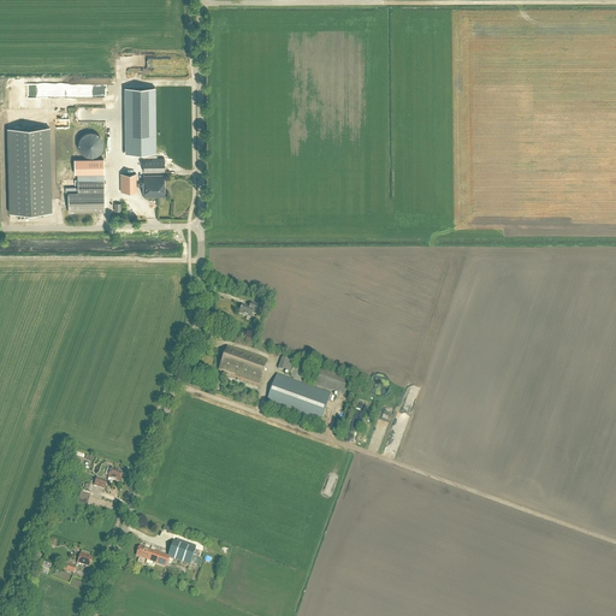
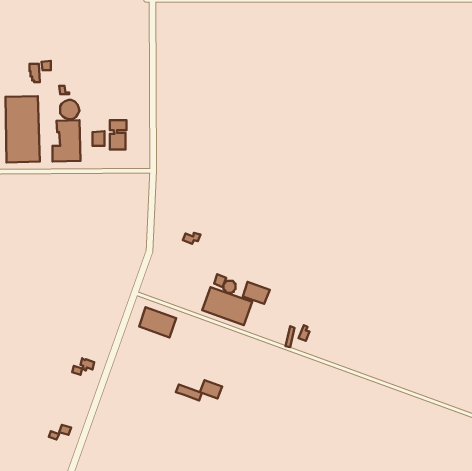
building: [124,85,156,152] -> none
building: [219,345,267,385] -> [139,307,176,338]
building: [136,540,196,567] -> [176,380,222,400]

